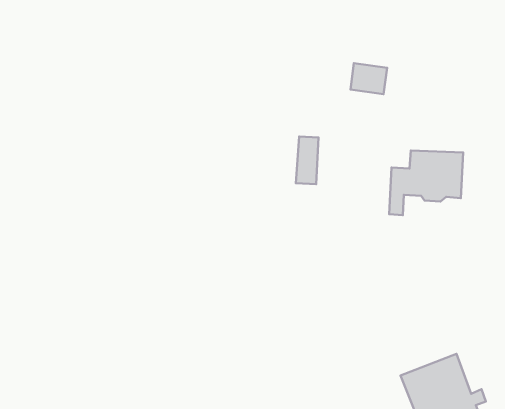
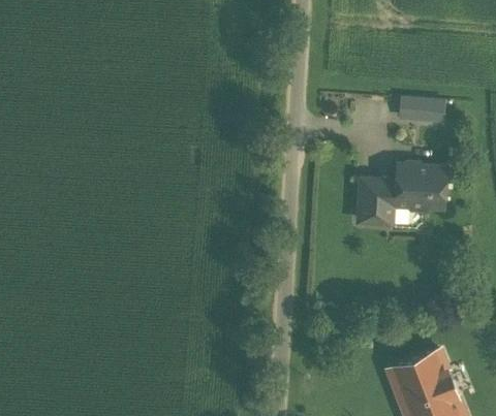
building: [351,63,387,94] -> [398,94,431,122]
building: [296,136,318,184] -> [360,180,380,223]

